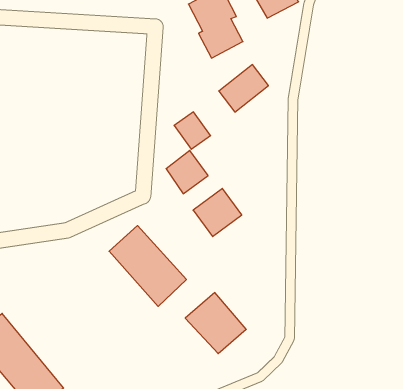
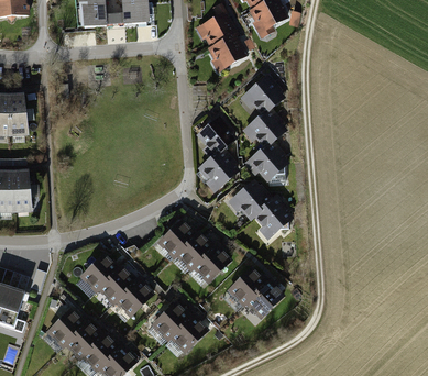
building: none -> [241,109,279,147]
building: none -> [249,142,287,181]
building: none -> [251,196,292,235]
building: none -> [79,251,147,317]
building: none -> [149,300,200,352]

